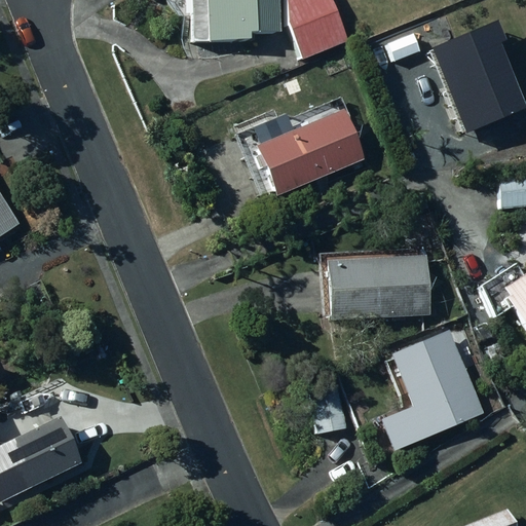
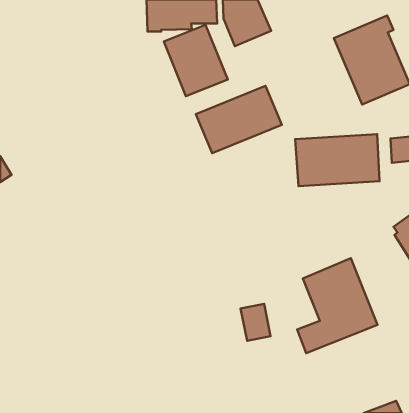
building: none -> [164,25,228,96]
building: [325,254,431,320] -> [295,134,379,186]
building: [14,416,82,487] -> none

